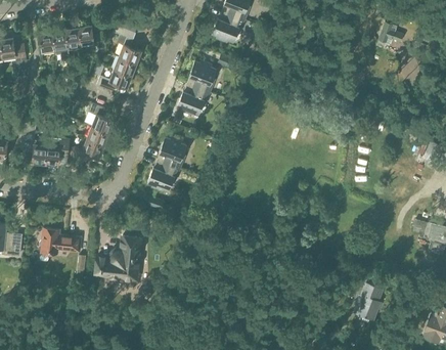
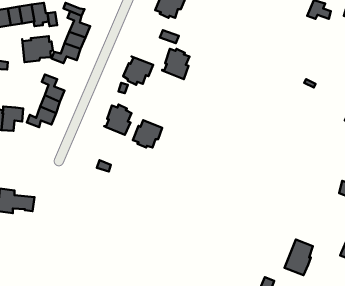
building: [186,60,216,93] -> [162,49,190,79]
building: none -> [22,36,53,62]
building: [147,161,179,190] -> [133,120,162,148]
building: [95,235,140,278] -> none

